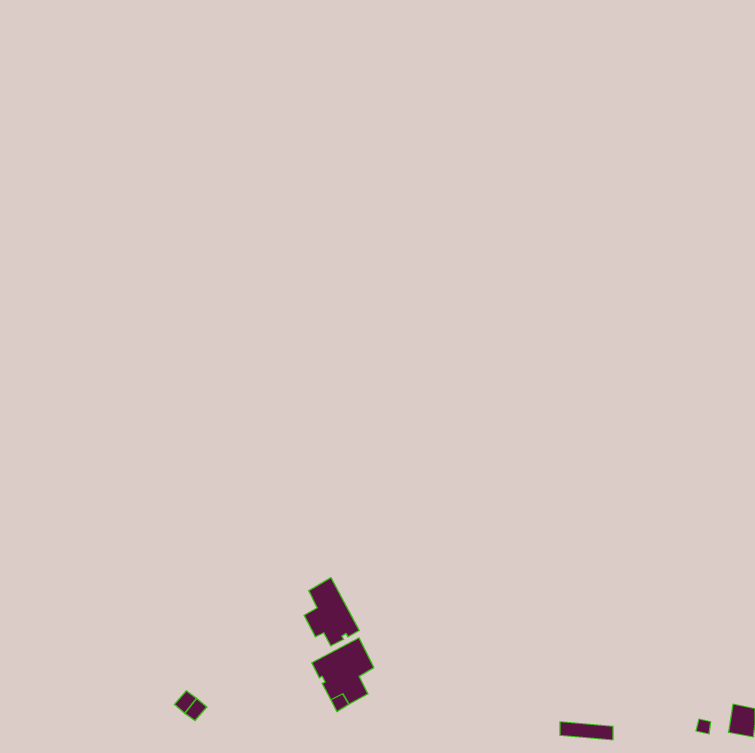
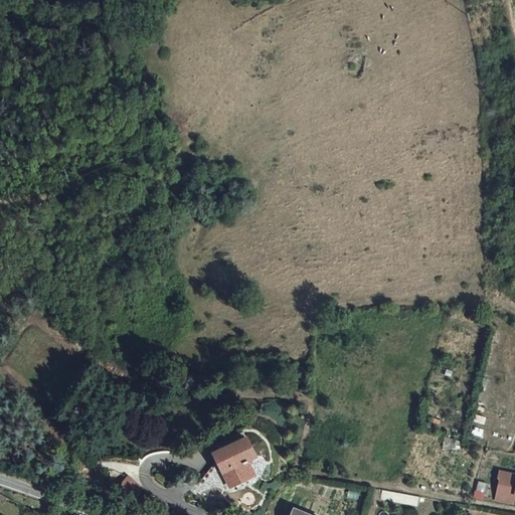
building: [304,578,359,646] -> none

